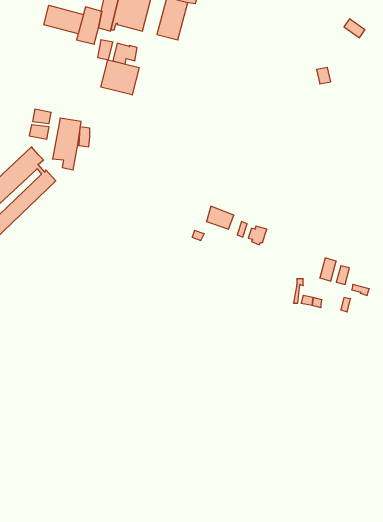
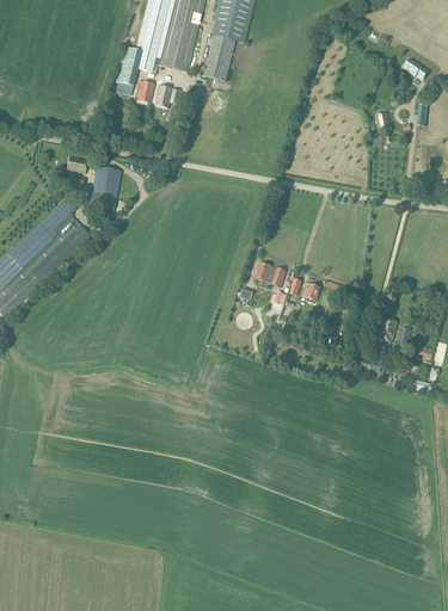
building: [44,5,83,34] -> none
building: [101,60,139,95] -> none

